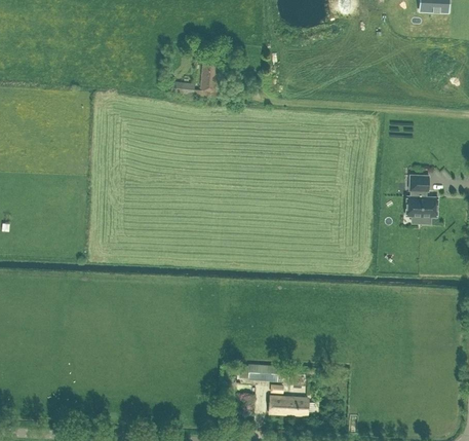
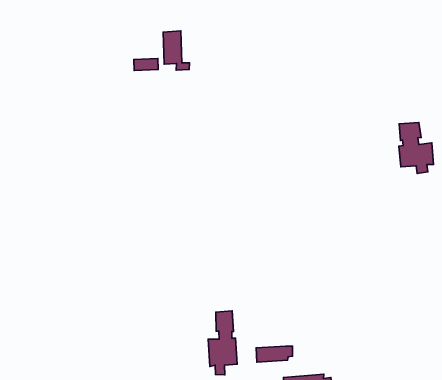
building: none -> [208,311,237,375]

